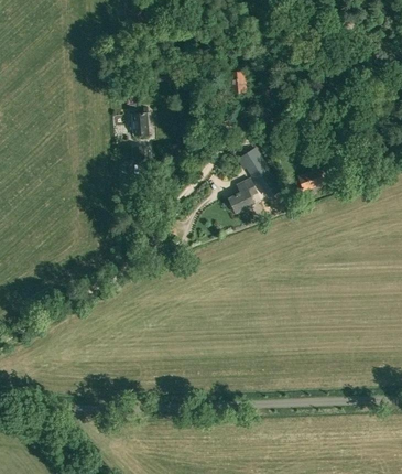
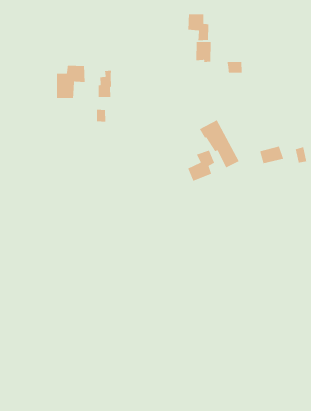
building: none -> [188,13,209,41]
building: none -> [56,65,85,99]

